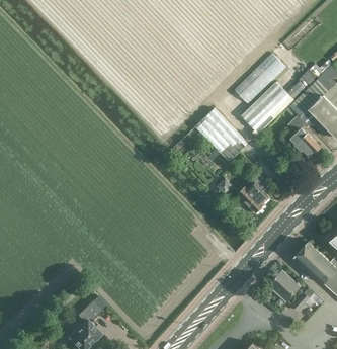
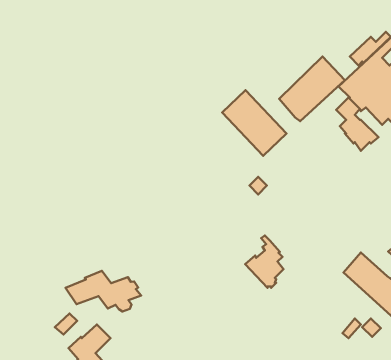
building: [235,54,286,103] -> none
building: [237,170,268,212] -> [245,236,284,288]
building: none -> [65,271,141,312]
building: [269,271,299,301] -> none

